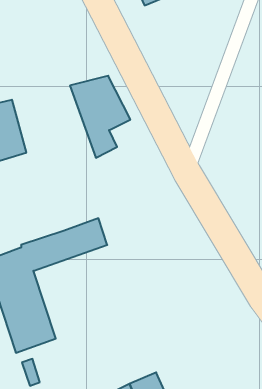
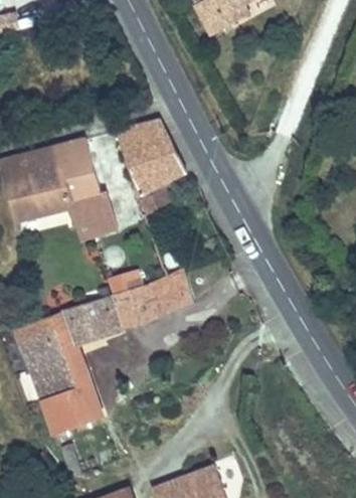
building: none -> [48,142,113,236]
building: none -> [146,271,188,314]

